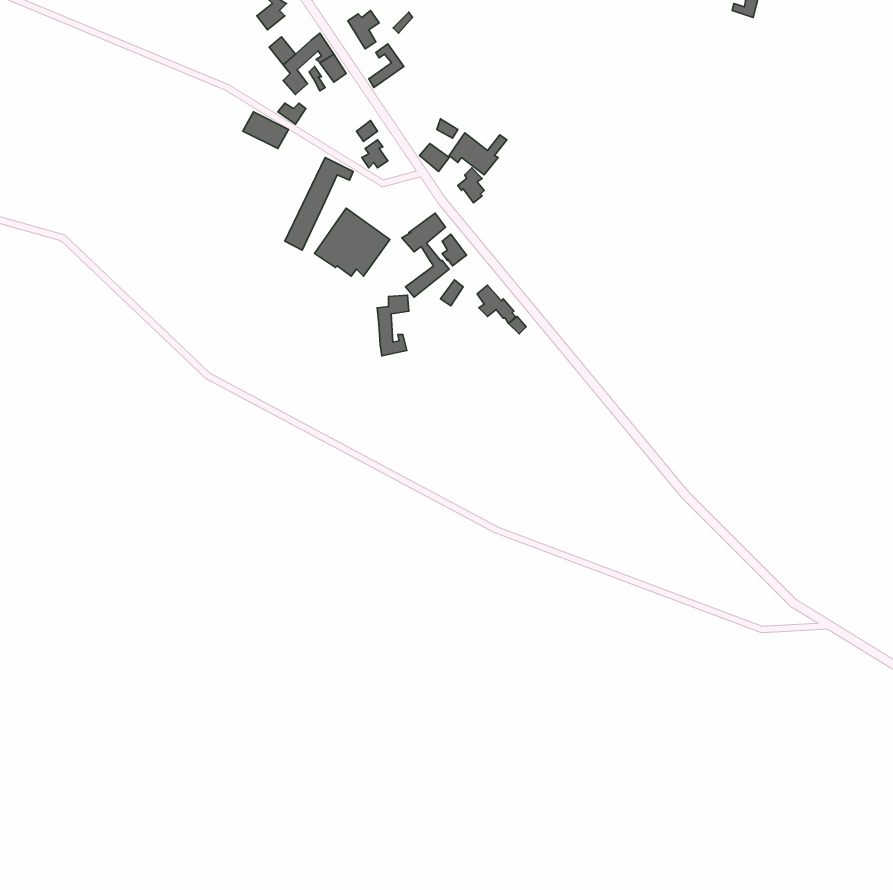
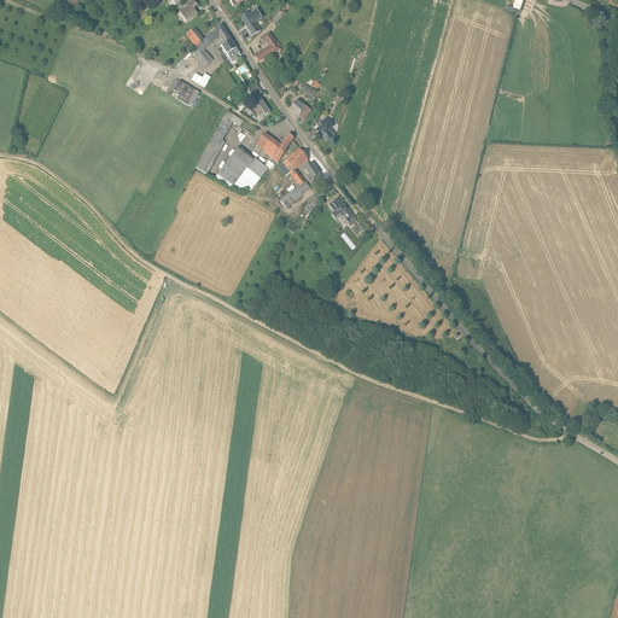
building: [449,133,507,175] -> [253,132,293,161]
building: [377,295,409,356] -> none

